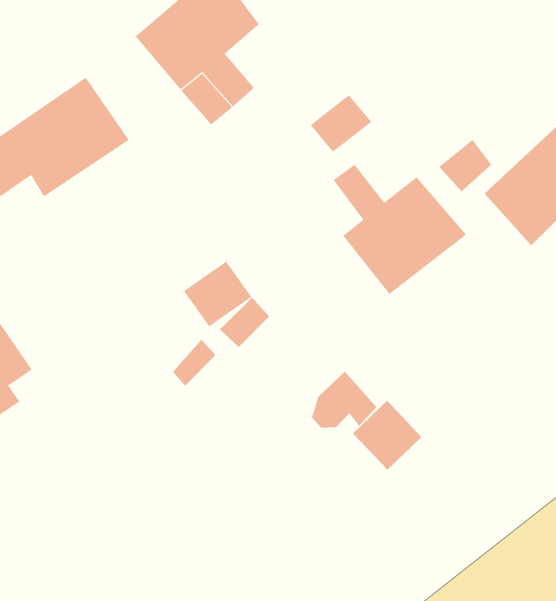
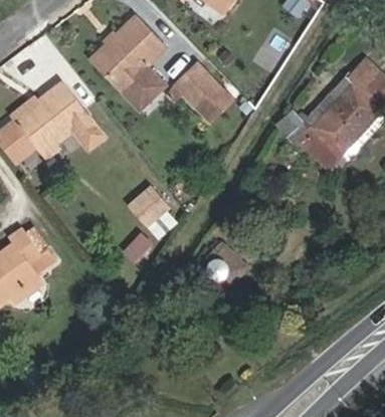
building: none -> [175,63,217,105]
building: [333,164,467,295] -> none
building: [352,400,422,471] -> none

